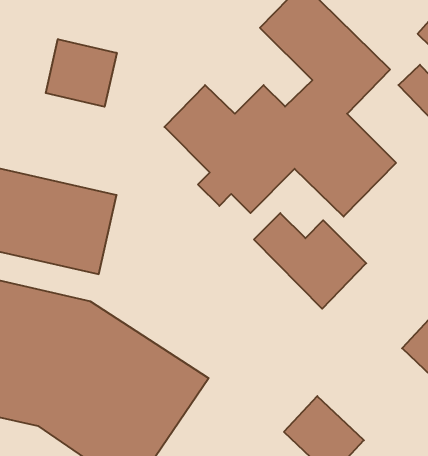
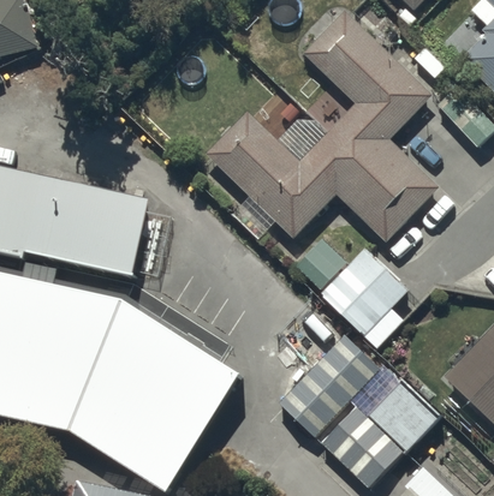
building: [46,39,117,107] -> none
building: none -> [281,337,382,440]
building: none -> [370,384,445,459]

